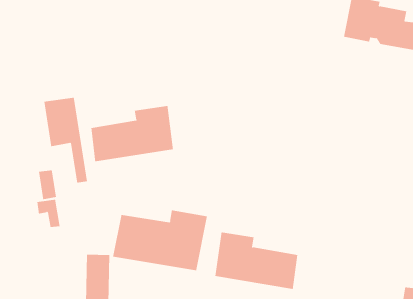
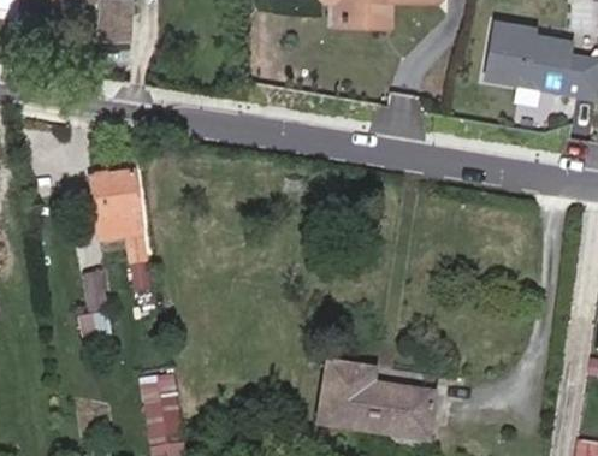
building: [91,105,174,162] -> none
building: [112,209,207,271] -> none

